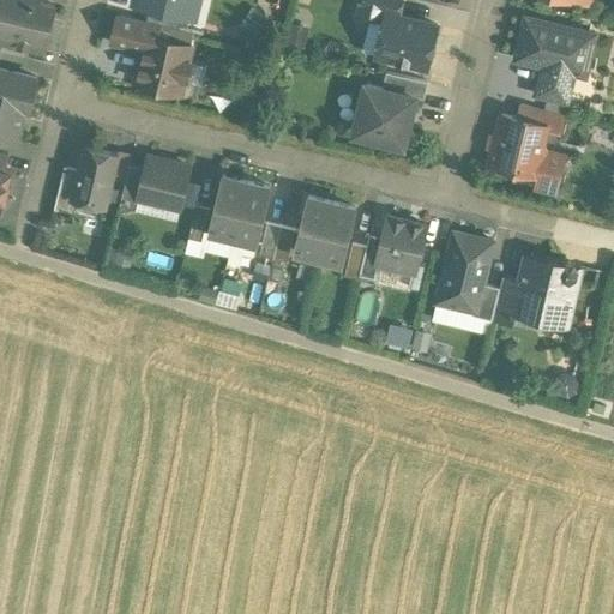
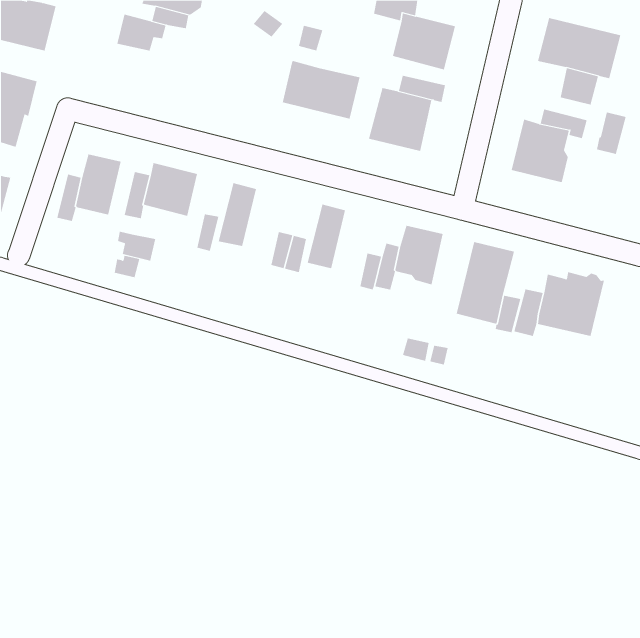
building: [136,37,191,94] -> none
building: none -> [282,60,360,120]
building: [535,152,564,193] -> [596,112,626,155]
building: [233,182,270,243] -> none
building: [318,203,355,265] -> none
building: none -> [117,231,156,262]

